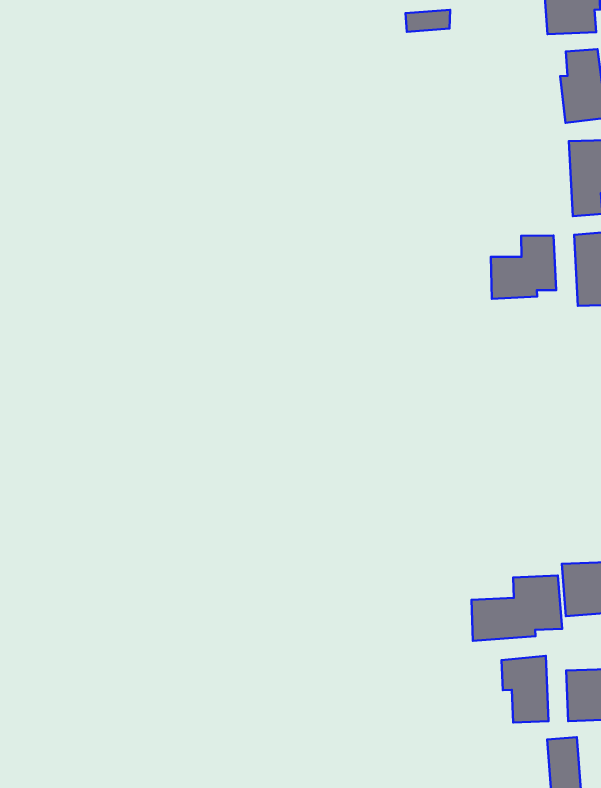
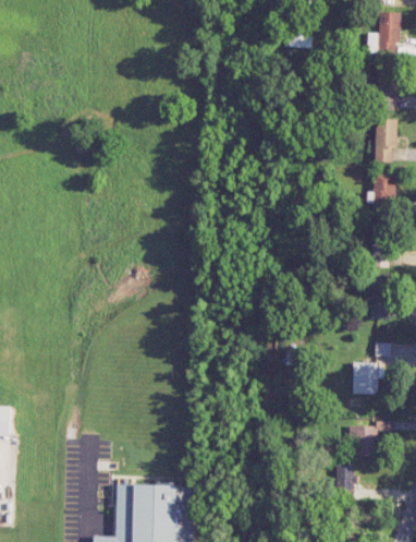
building: [491,236,556,299] -> none
building: [471,575,562,641] -> none
building: [502,656,549,722] -> none

